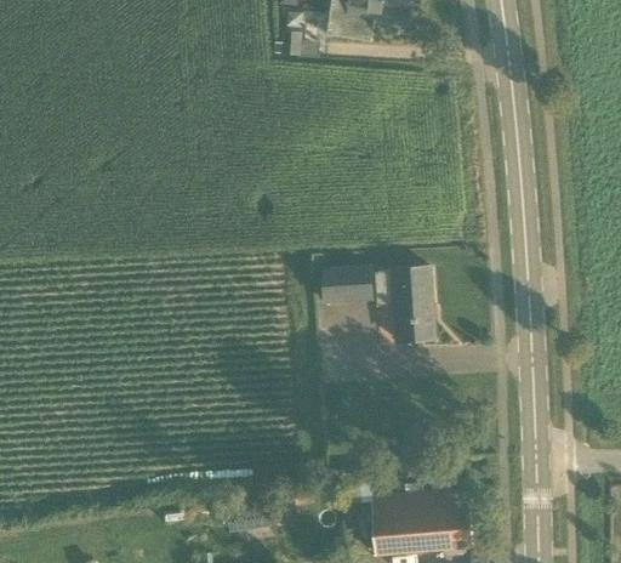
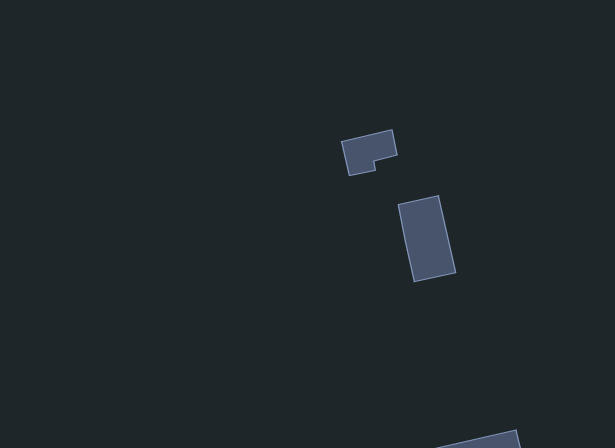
building: [324,267,372,302] -> [341,130,397,175]

